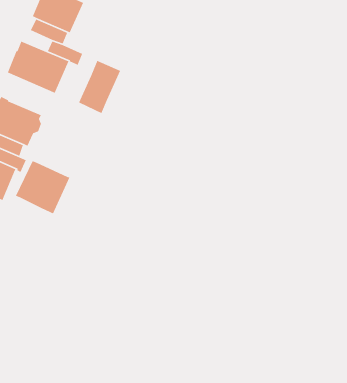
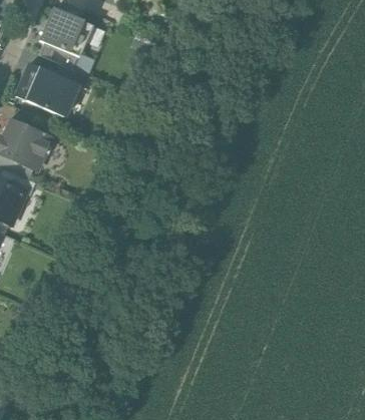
building: [78,60,121,114] -> none
building: [15,160,70,214] -> none

